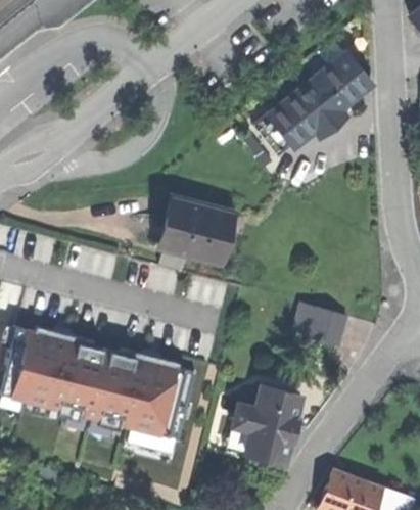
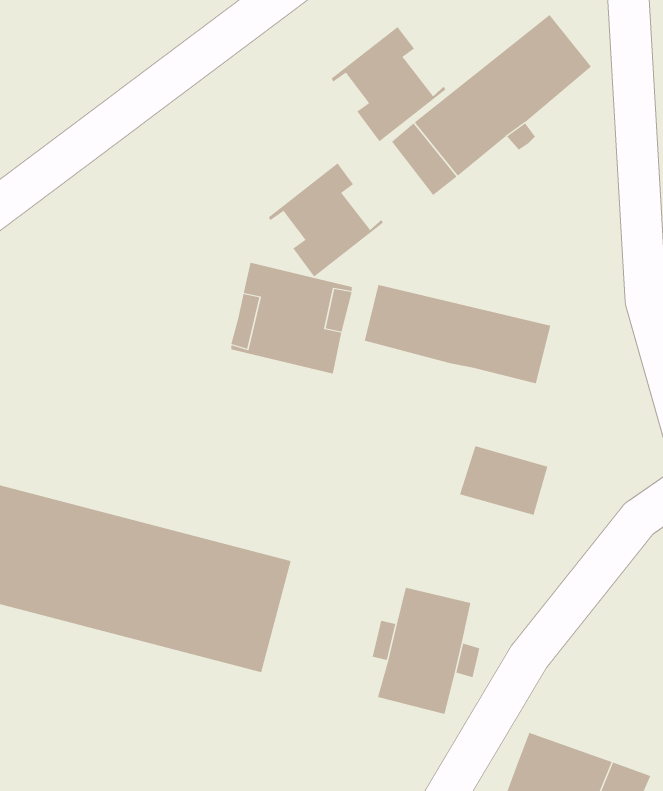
building: none -> [331,26,446,142]
building: none -> [268,163,383,278]
building: none -> [364,284,551,384]

